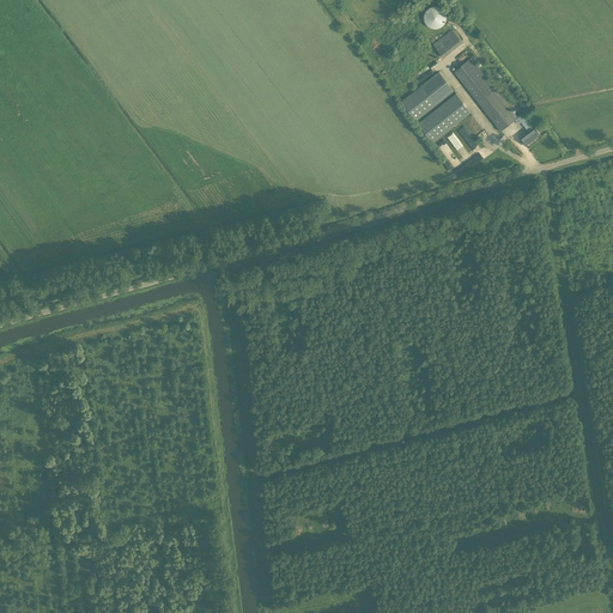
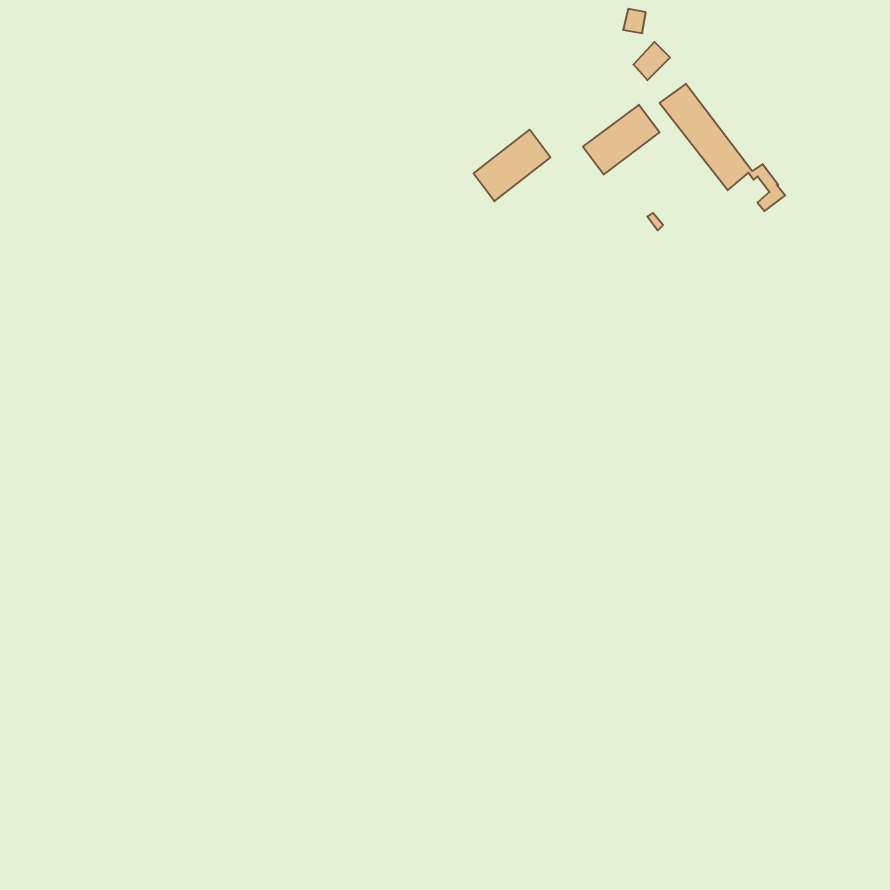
building: [417,95,469,144] -> [474,130,550,201]

